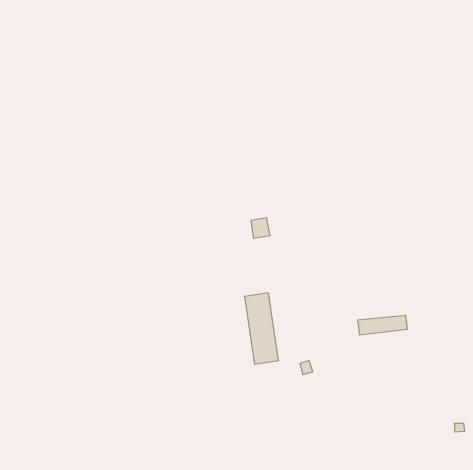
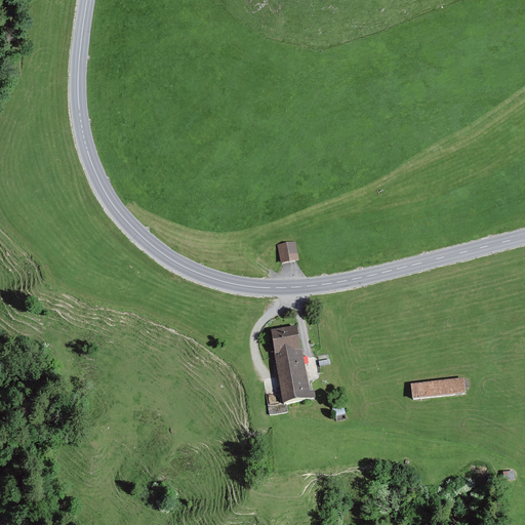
building: [358,315,408,335] -> [411,377,467,399]

